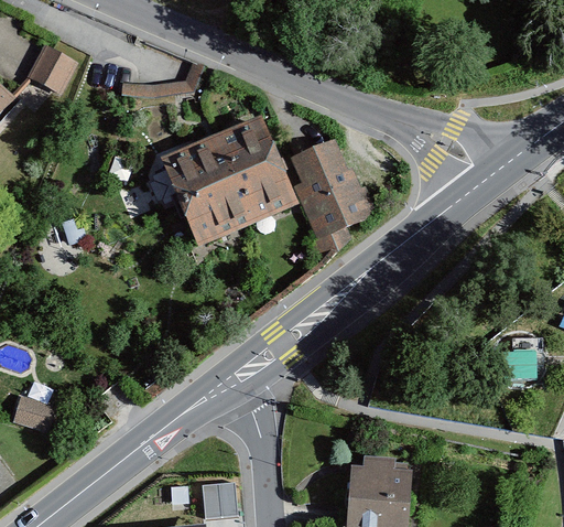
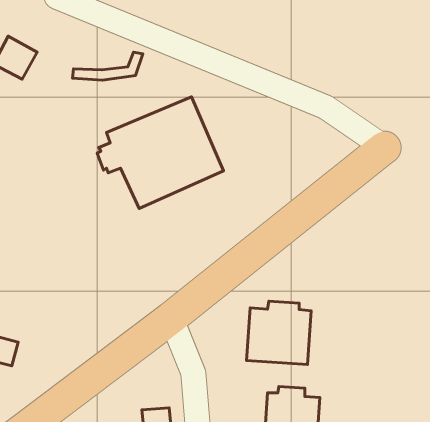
building: [282,138,375,250] -> none
building: none -> [247,301,311,365]

